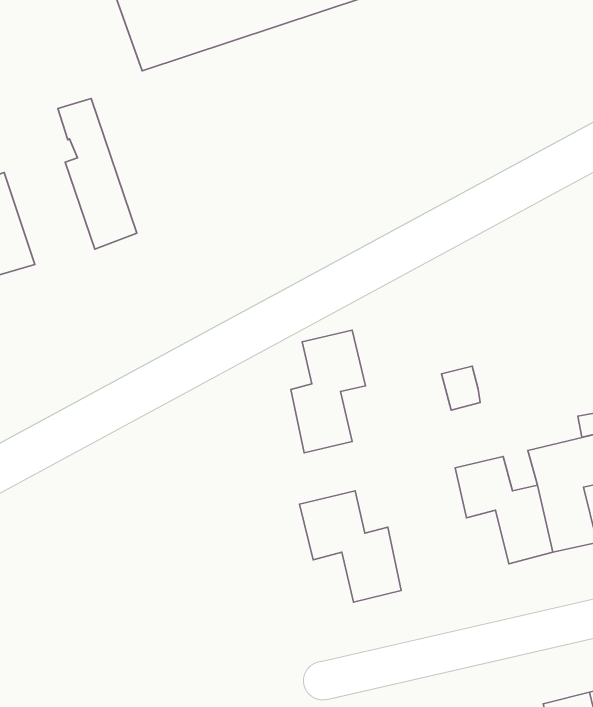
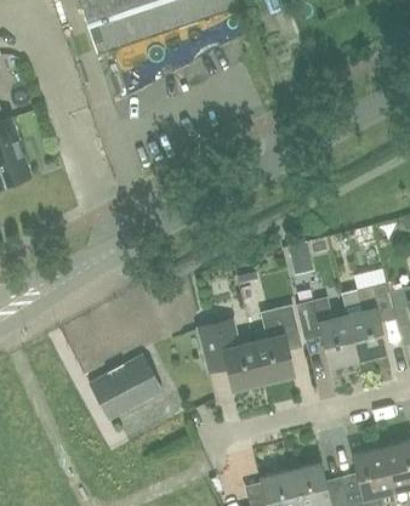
building: [58,98,137,249] -> none
building: [291,330,366,453] -> [254,305,301,382]
building: none -> [91,354,164,419]

